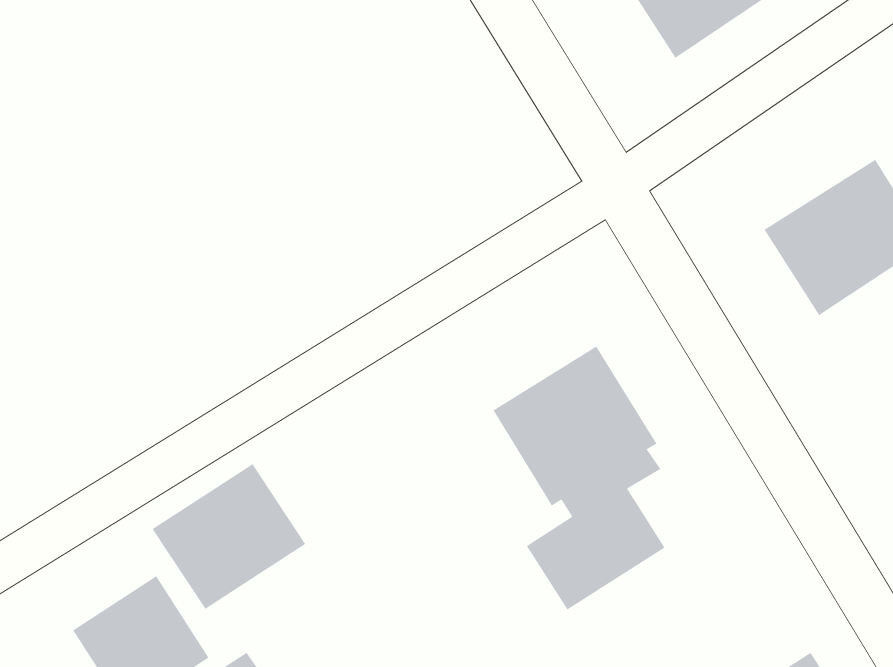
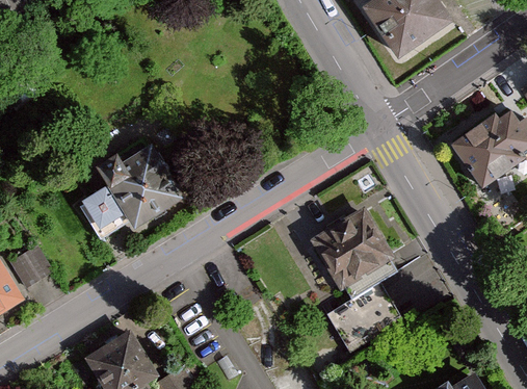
building: none -> [83,133,193,232]
building: [152,463,306,610] -> none

